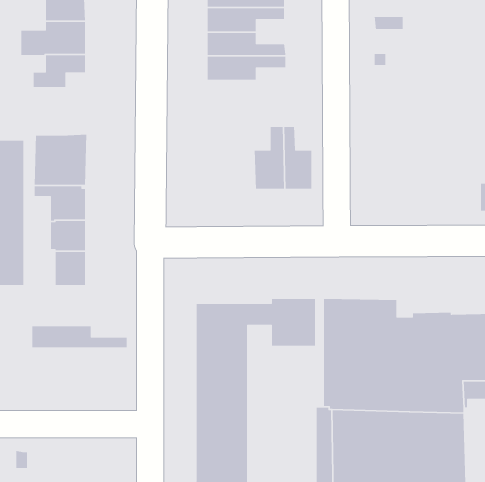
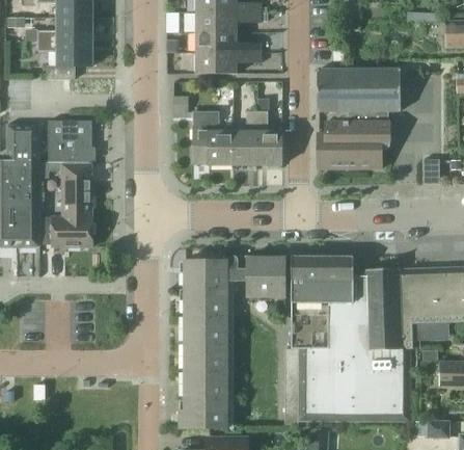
building: none -> [316,69,409,168]
building: none -> [192,111,235,164]
building: none -> [40,215,66,245]
building: [31,326,128,348] -> none

